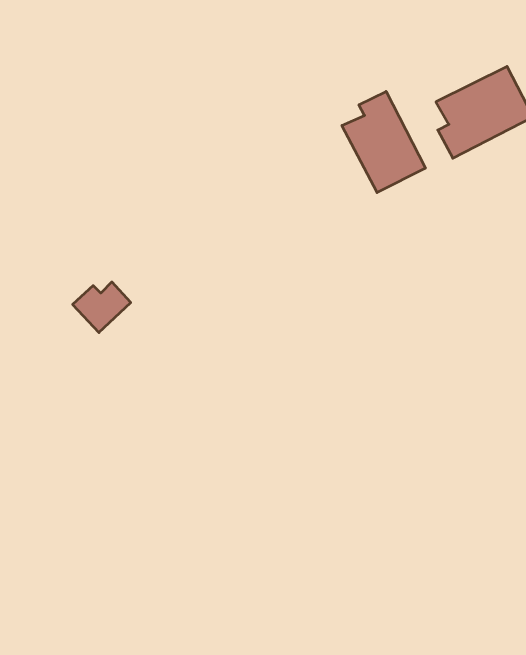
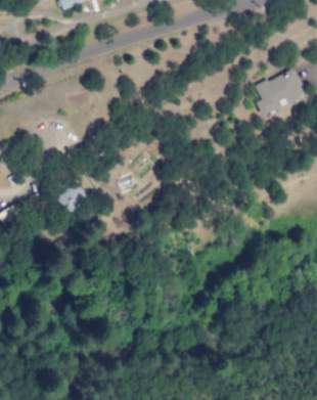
building: [342,91,425,193] -> none

